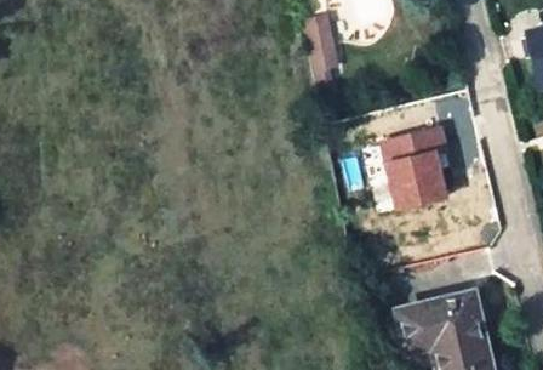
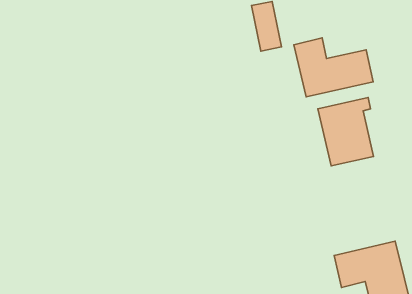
building: none -> [294,38,373,97]

